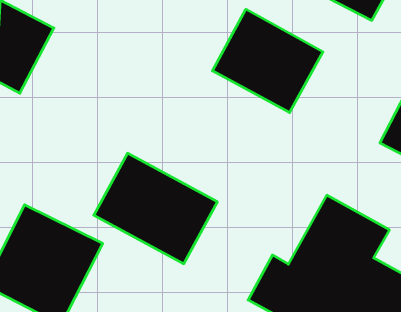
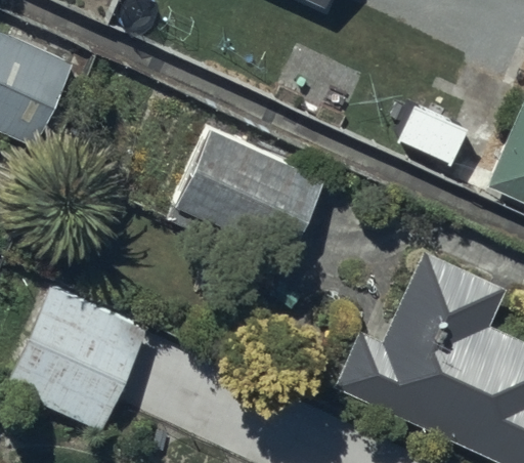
building: [212,9,323,113] -> none
building: [94,153,217,264] -> [173,127,324,259]

